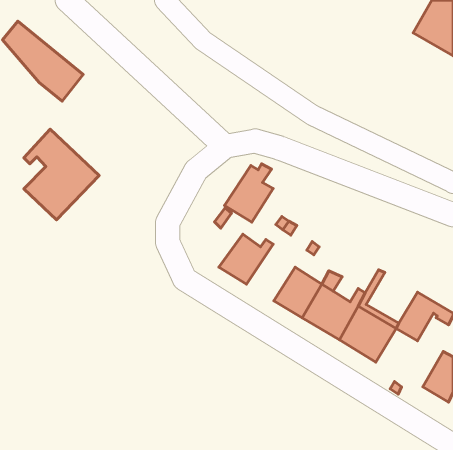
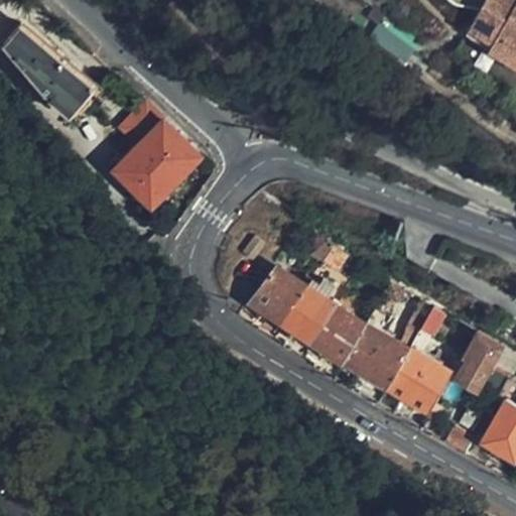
building: [24,129,99,220] -> [114,107,200,210]
building: [224,164,273,222] -> [280,279,336,346]

